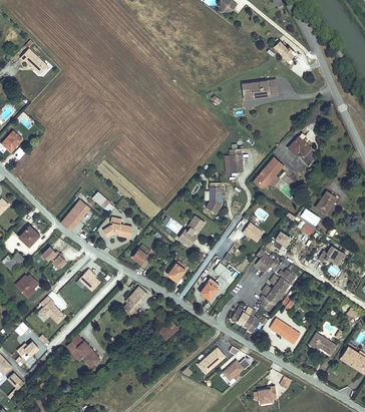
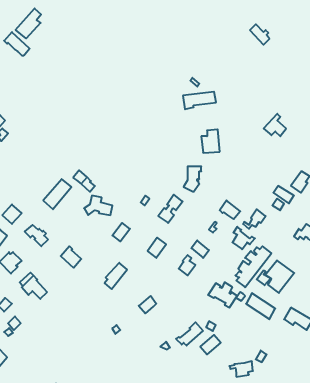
building: none -> [16,8,41,38]
building: [244,79,278,97] -> [183,92,216,109]
building: [253,156,284,189] -> none
building: none -> [265,260,294,293]
building: [65,334,100,366] -> none

